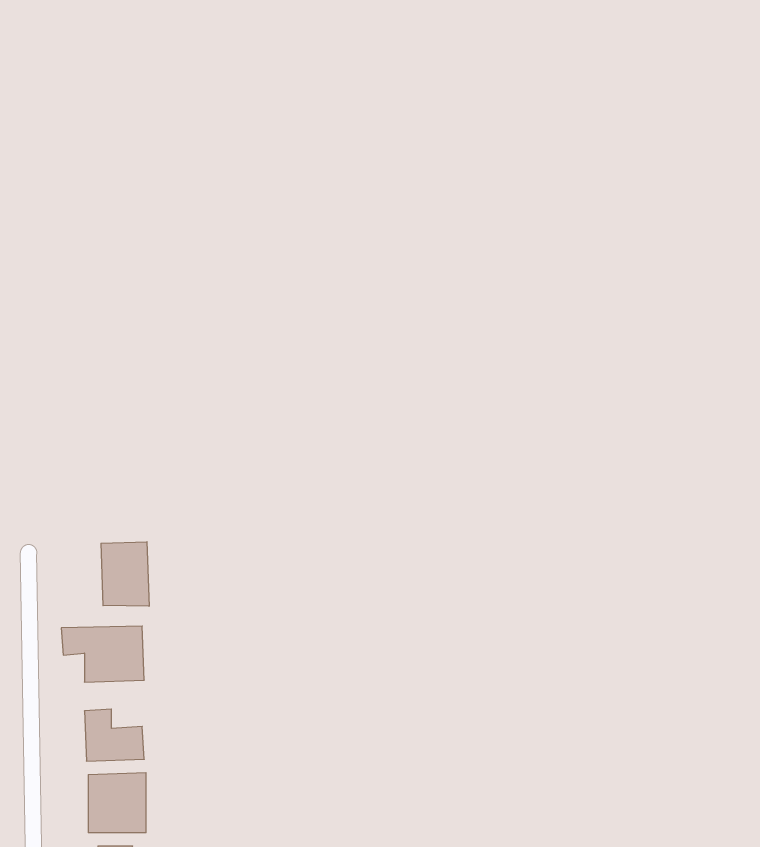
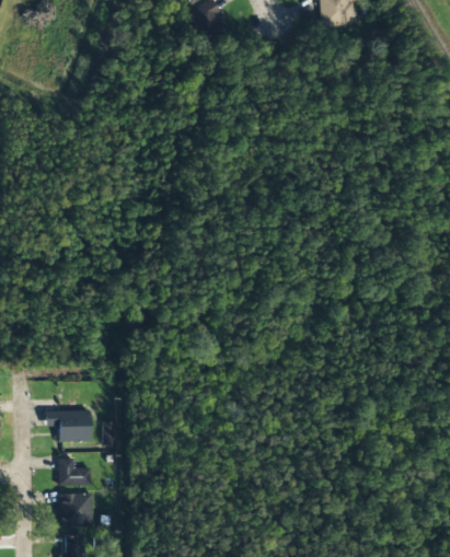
building: [101,542,149,606] -> none

